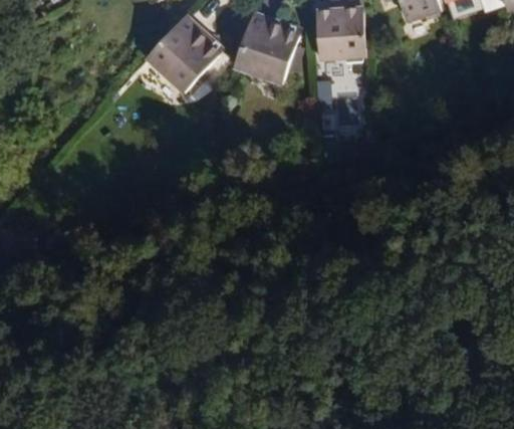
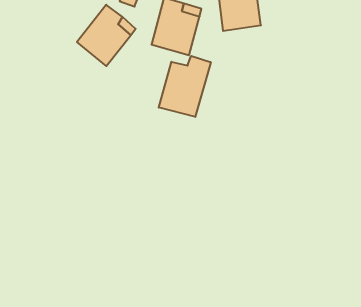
building: none -> [159,56,211,117]

